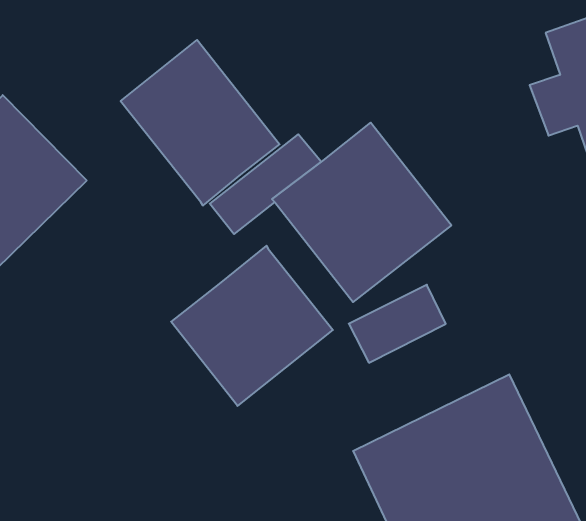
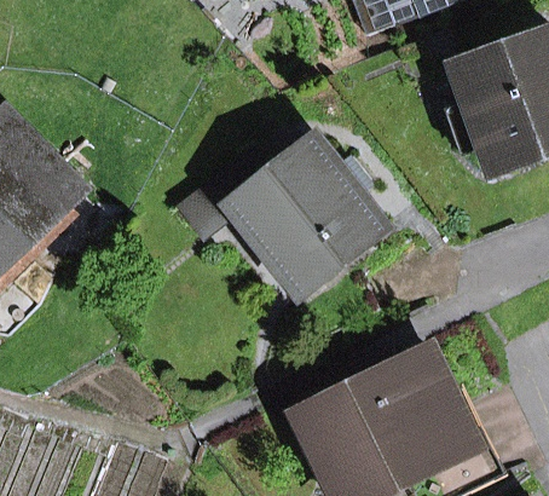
building: [121,40,280,206] -> none
building: [171,246,333,406] -> none

